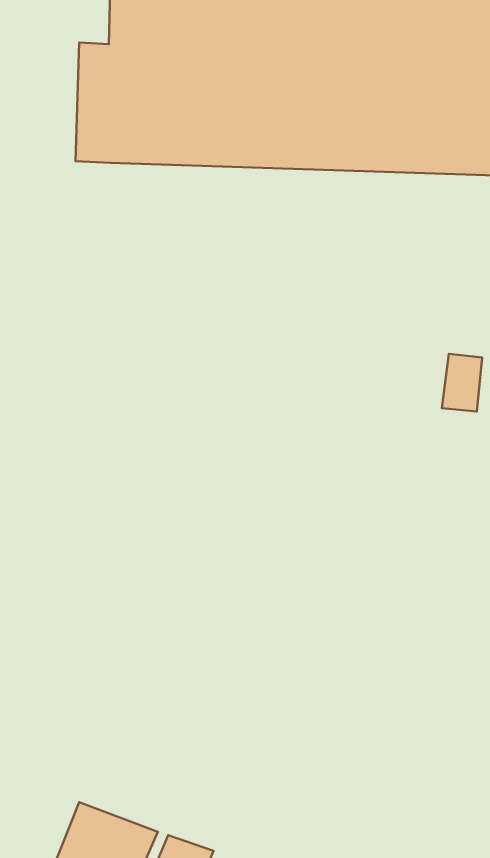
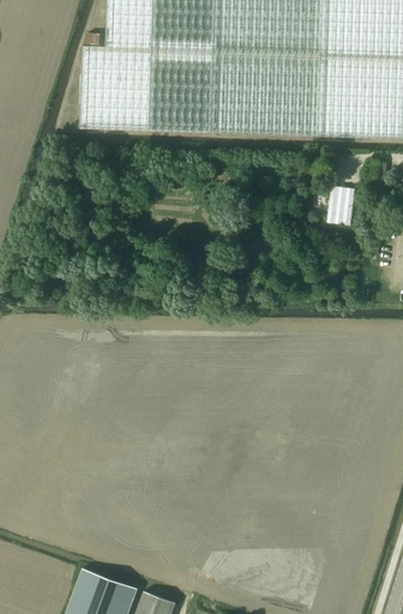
building: [442,354,482,412] -> [325,186,353,225]

